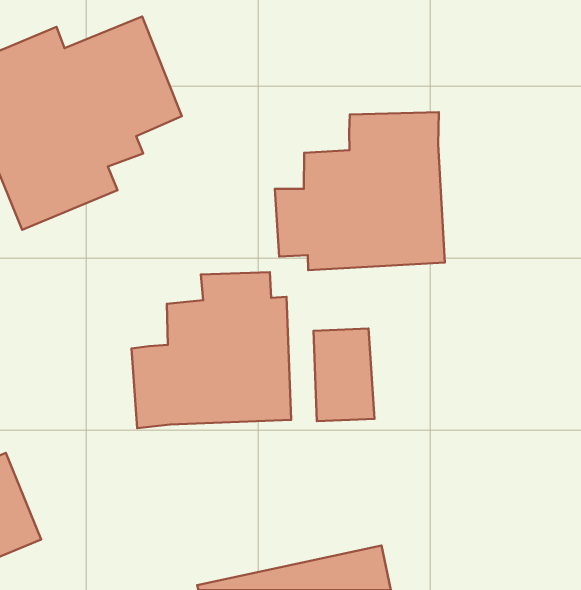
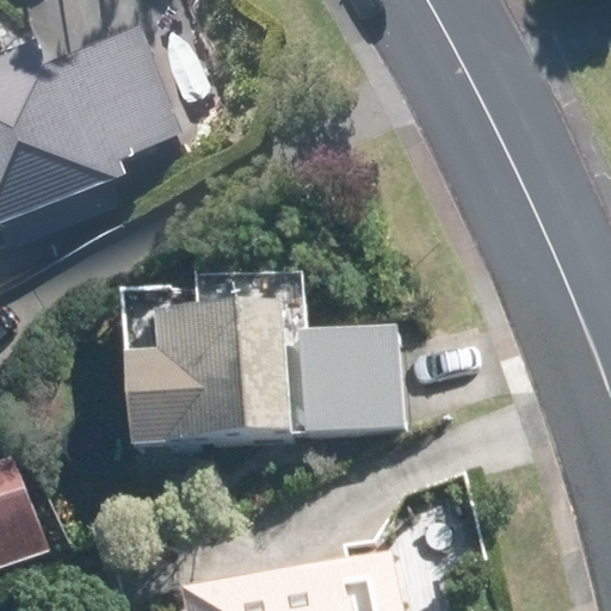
building: [275,112,445,270] -> none

